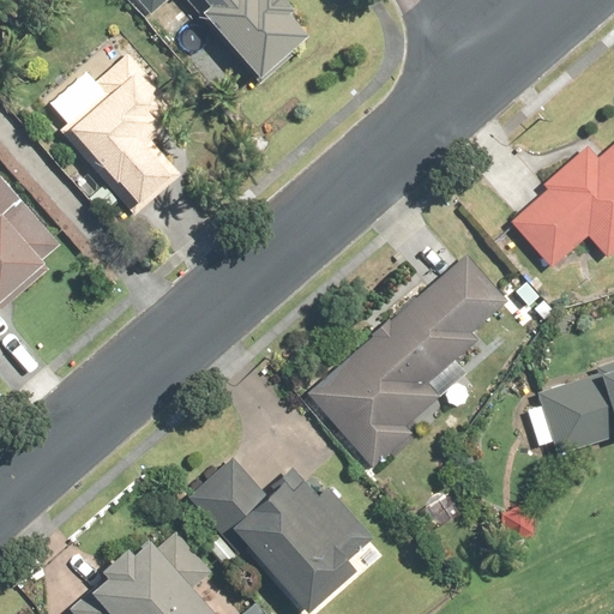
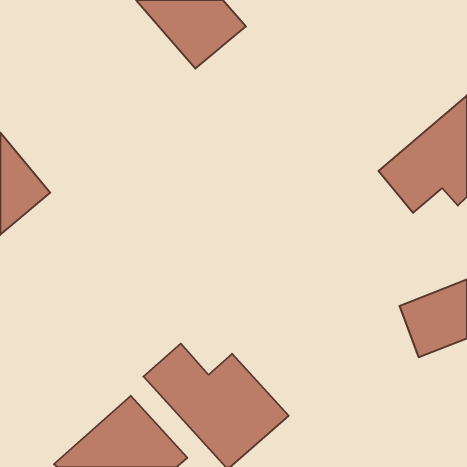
building: [48,42,189,216] -> none
building: [295,255,514,471] -> none

